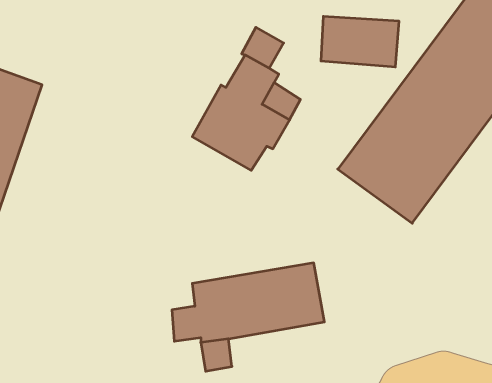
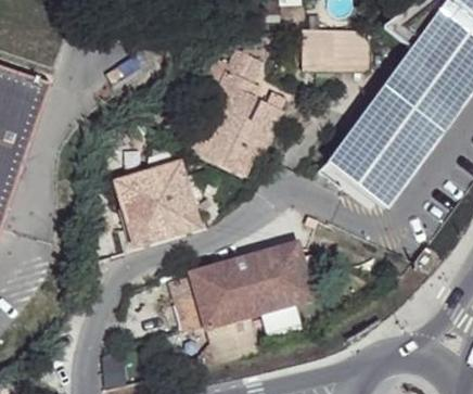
building: none -> [122,161,197,233]

